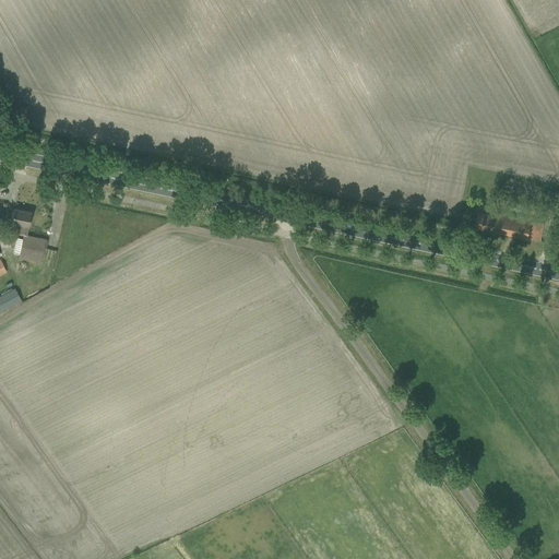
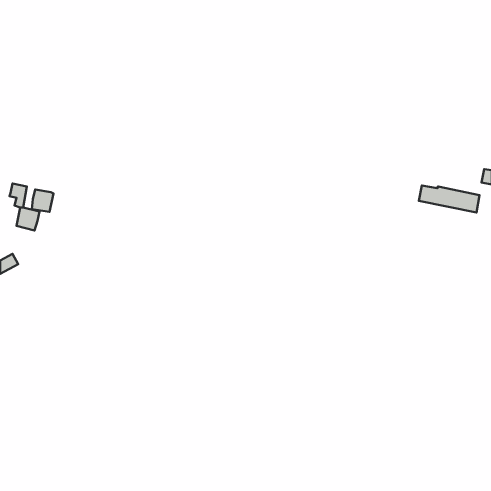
building: none -> [32,189,53,212]

